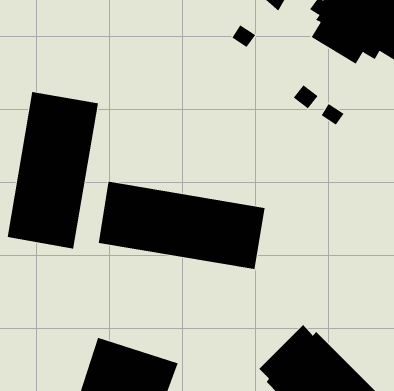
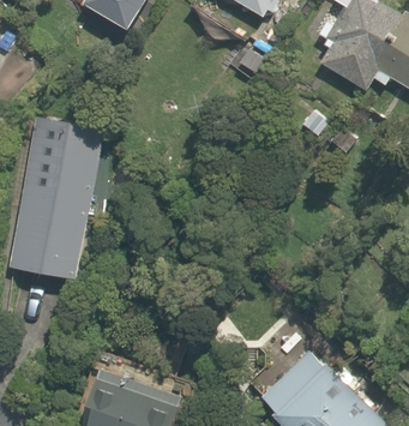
building: [98,181,265,270] -> none

